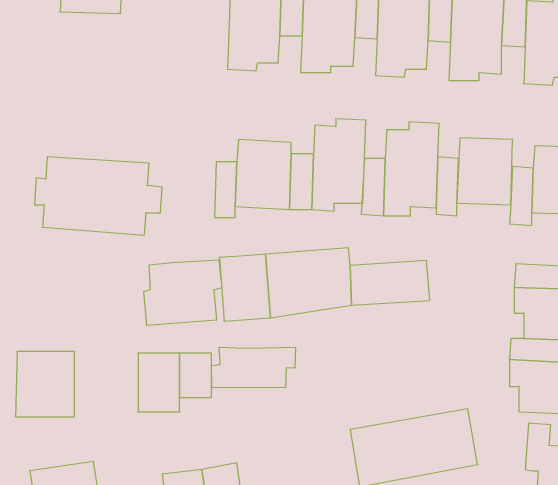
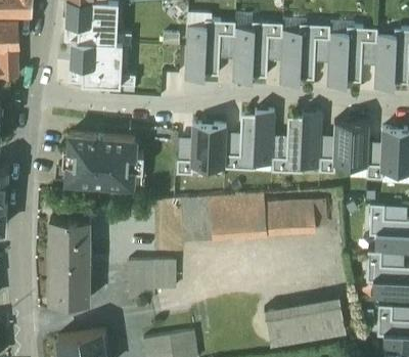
building: none -> [69,42,123,88]
building: [144,260,222,325] -> none
building: none -> [50,220,88,261]
building: [211,347,296,388] -> none

